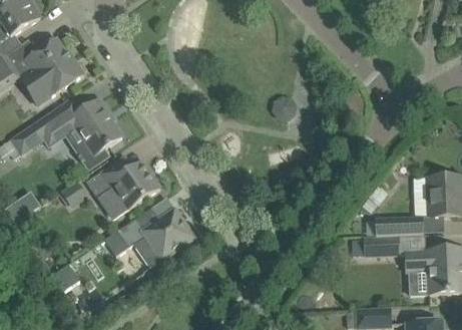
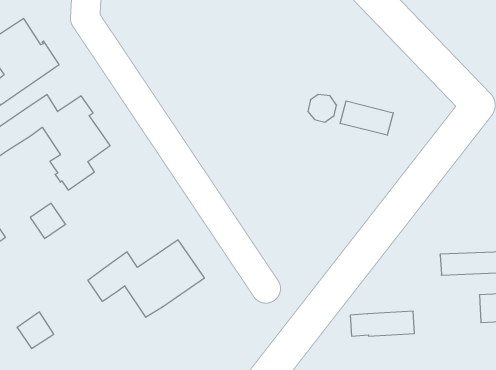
building: none -> [340,101,393,135]
building: [86,155,160,211] -> none
building: [352,237,401,256] -> [350,311,414,336]

